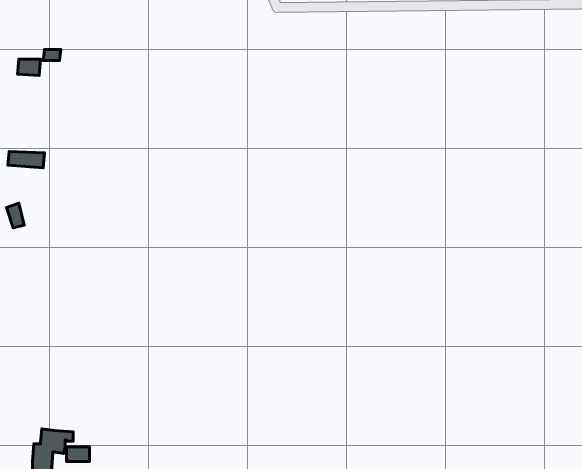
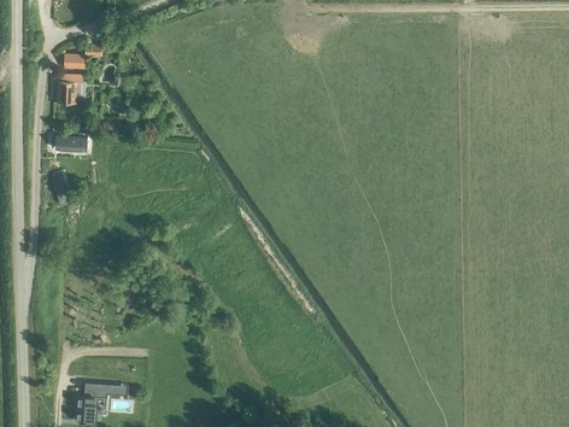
building: none -> [57,74,83,104]

